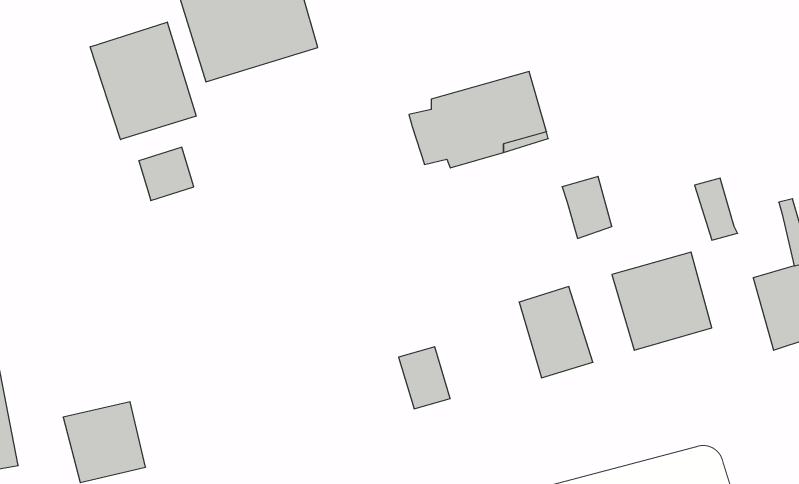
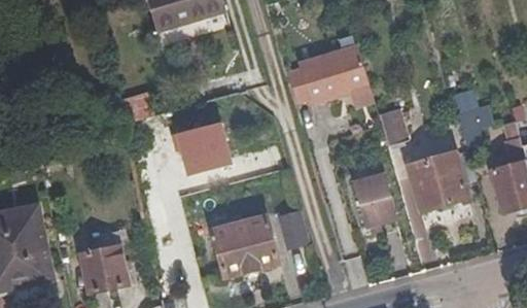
building: [90,22,196,140] -> none
building: none -> [171,121,231,175]
building: none -> [211,215,277,275]

